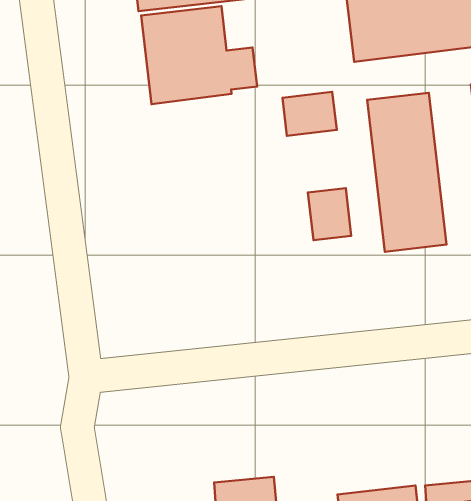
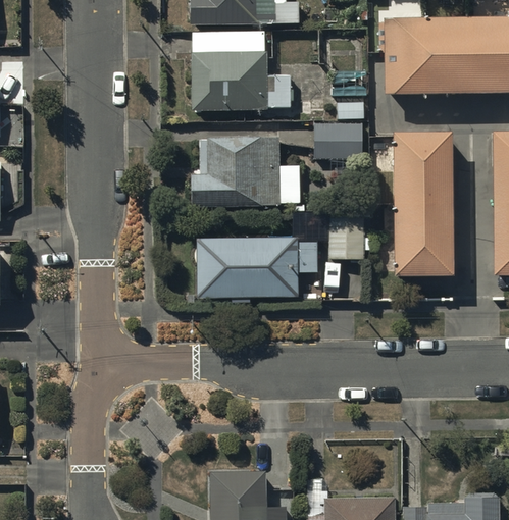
building: none -> [192,138,299,208]
building: none -> [198,239,318,301]

